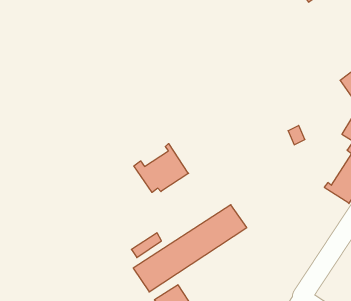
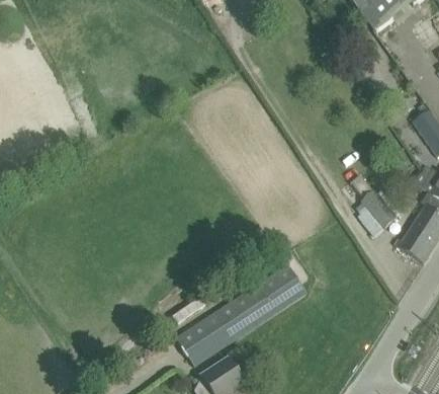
building: none -> [362,189,397,226]
building: [134,144,189,192] -> none

